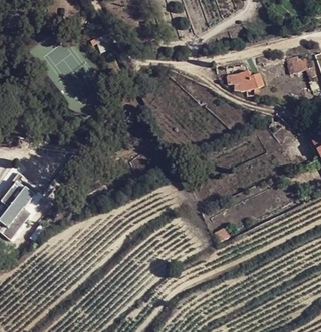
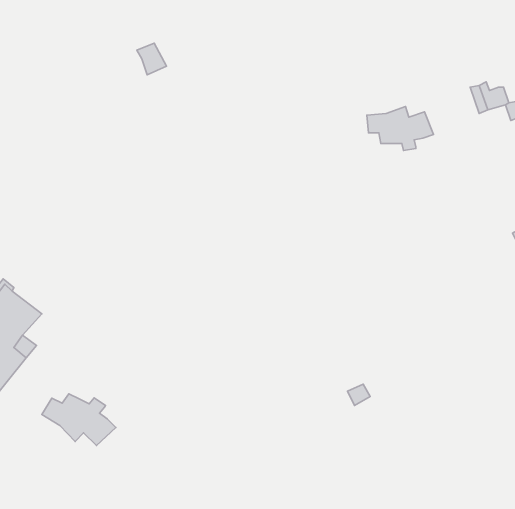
building: none -> [42,394,116,445]

